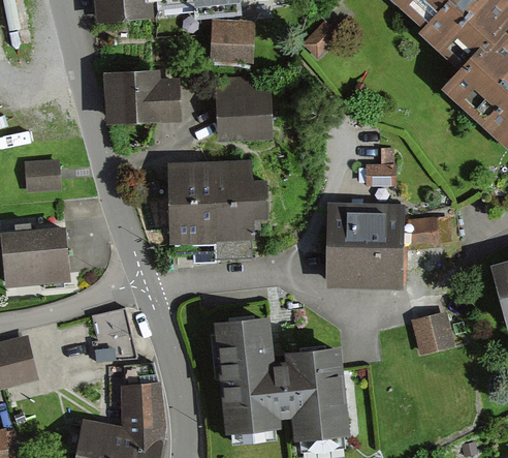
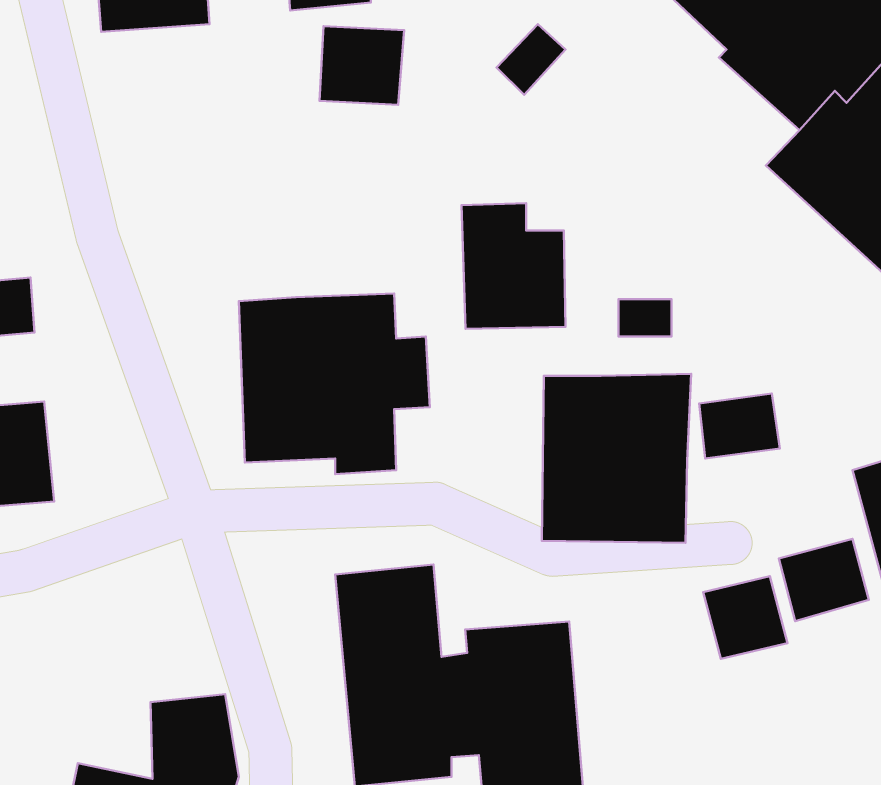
building: [102,72,180,129] -> none
building: [218,77,273,143] -> [461,203,566,329]
building: none -> [779,539,869,621]
building: [92,303,134,358] -> none

